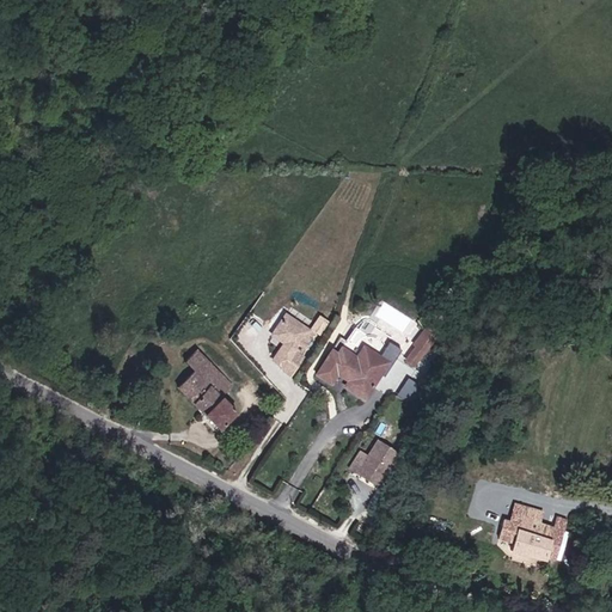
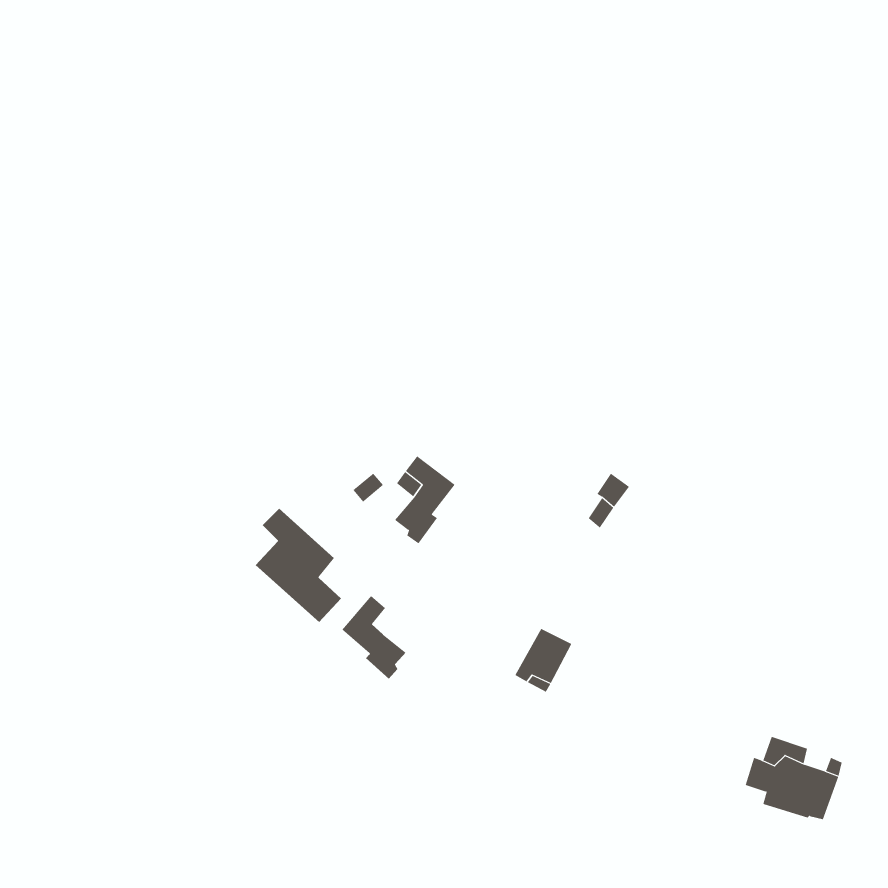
building: [318,349,390,399] -> none
building: none -> [341,595,406,680]

